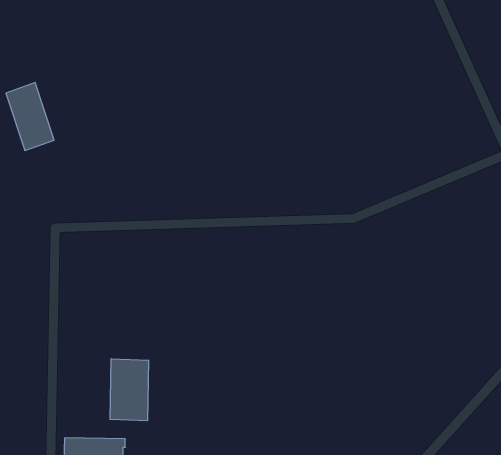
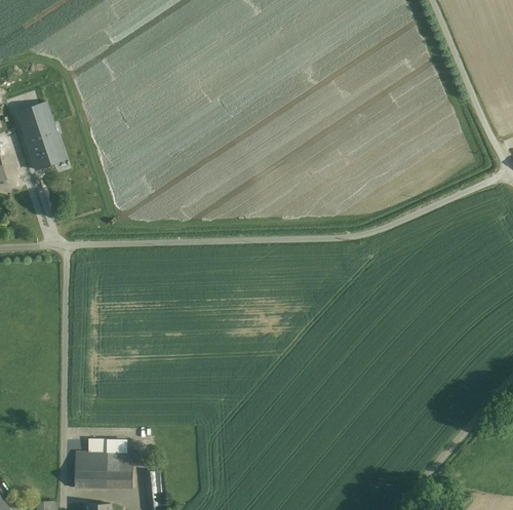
building: [110,359,149,421] -> none

